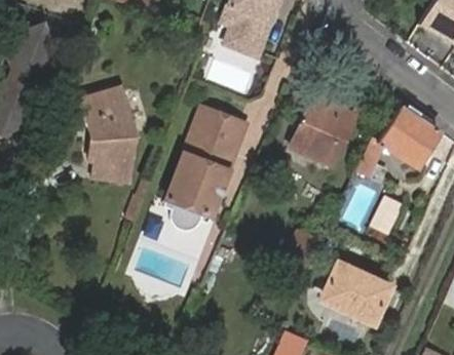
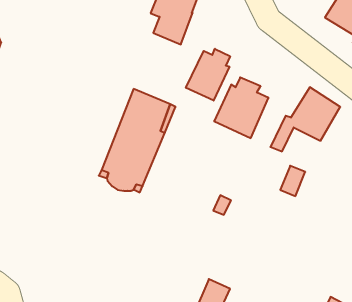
building: none -> [186,49,230,101]
building: [78,85,133,180] -> none
building: [321,258,387,319] -> none

